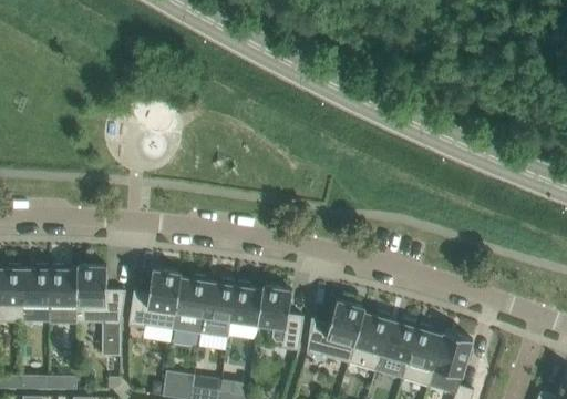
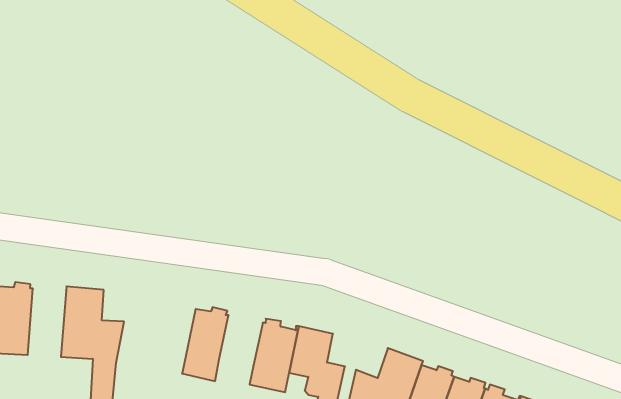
building: [50,265,78,324] -> none
building: [130,269,182,329] -> none
building: [203,279,236,319] -> none

